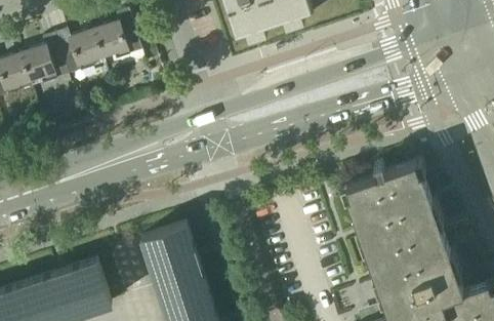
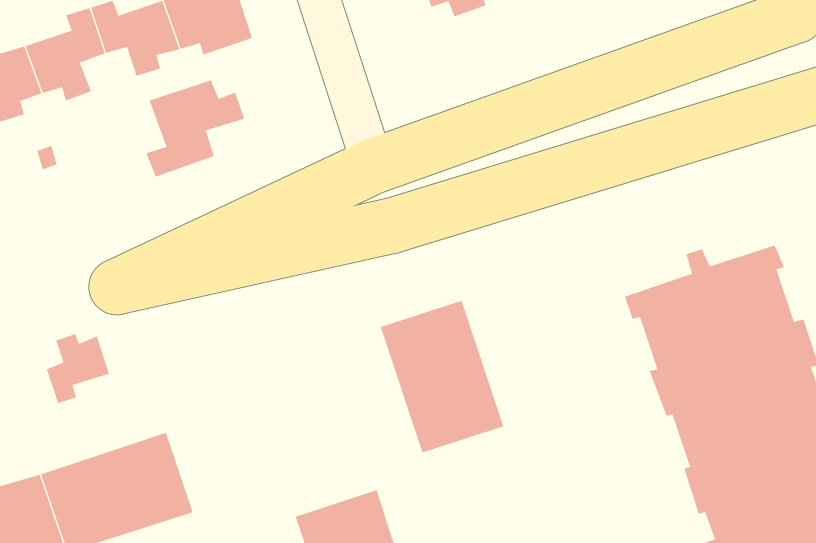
building: none -> [146,79,245,177]
building: none -> [46,333,109,404]
building: [141,225,208,307] -> [380,300,504,453]

